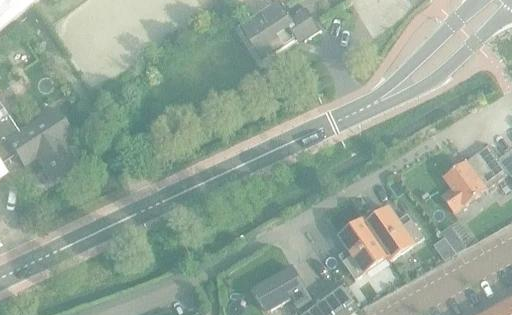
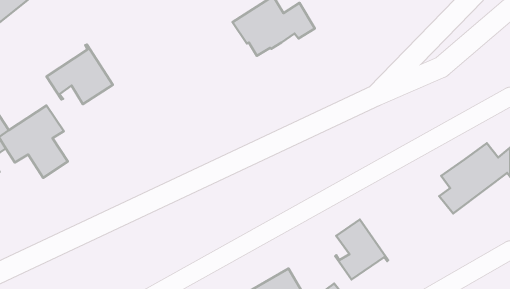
building: none -> [46,45,113,104]
building: [362,208,423,259] -> none

